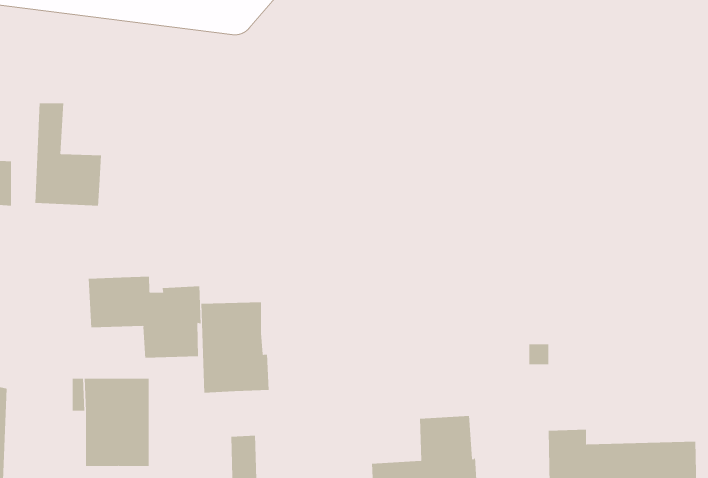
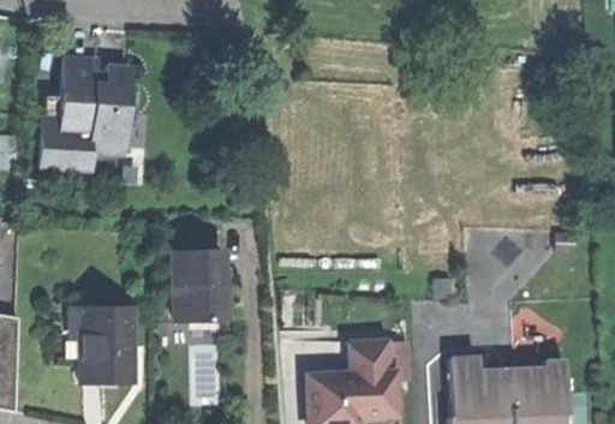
building: none -> [60,56,138,156]
building: [88,276,201,359] -> none

